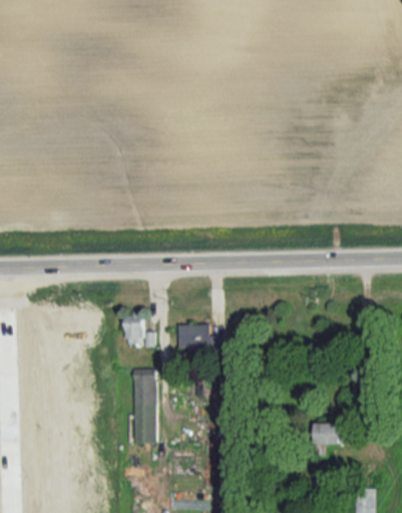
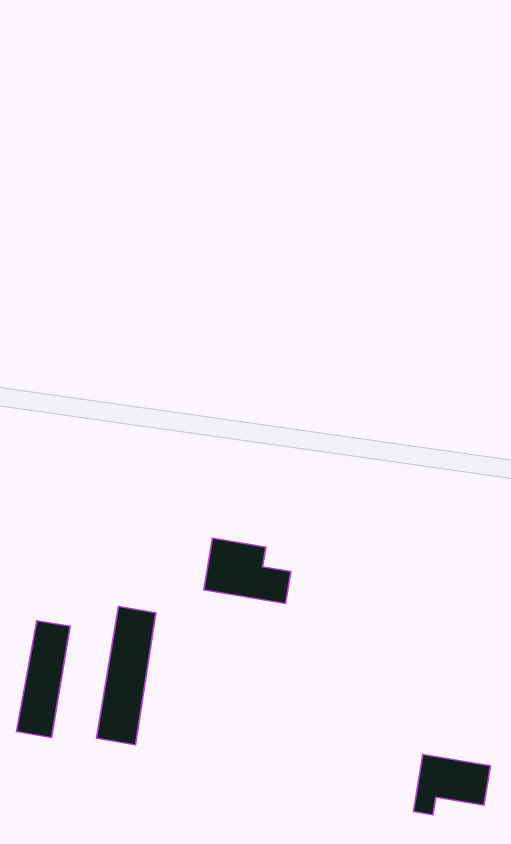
building: [124,312,153,346] -> none
building: none -> [17,621,70,737]

